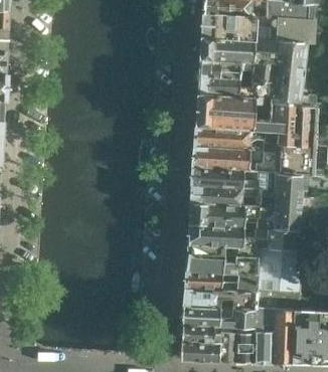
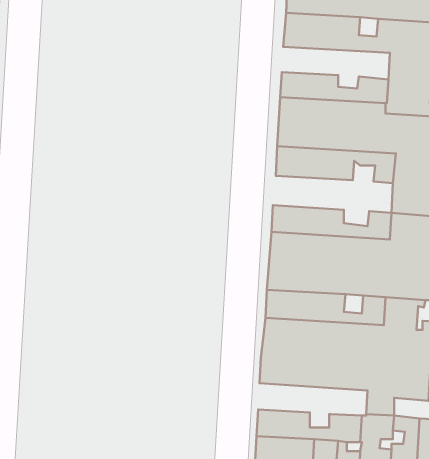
building: [199,58,273,80] -> none
building: [193,146,275,171] -> none
building: [183,287,258,309] -> none

